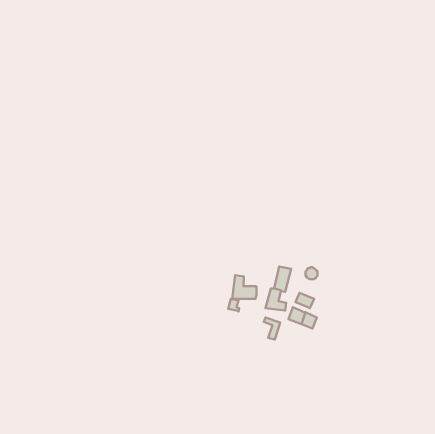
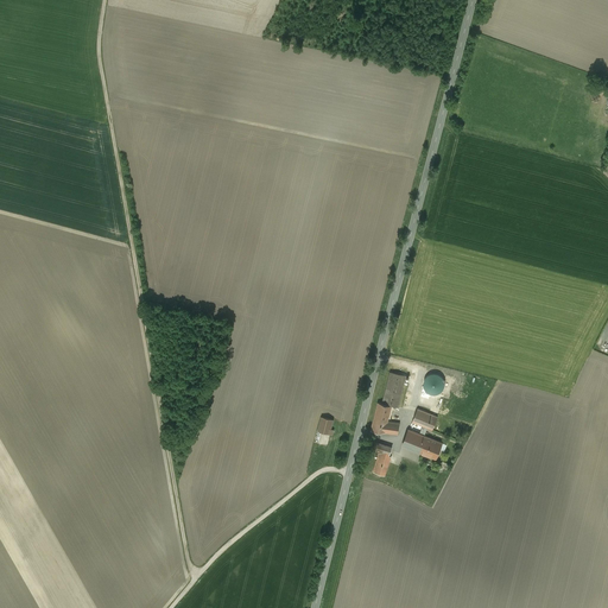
building: [232,275,257,299] -> none

